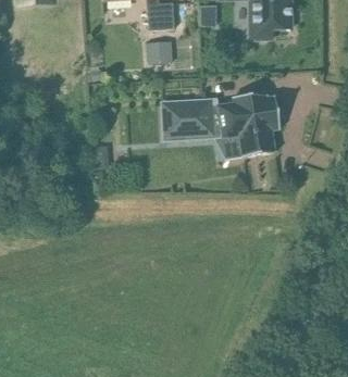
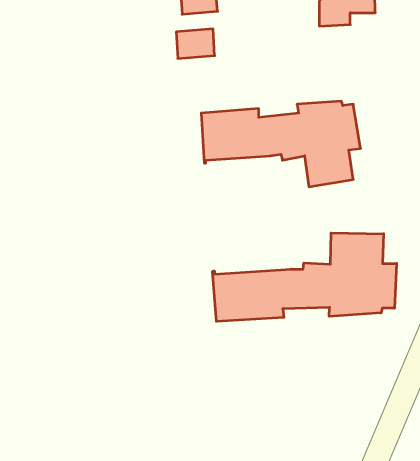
building: none -> [213,233,397,321]

